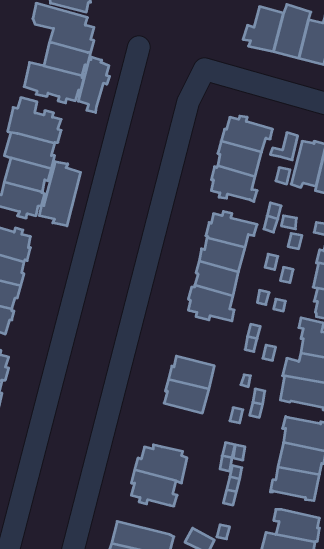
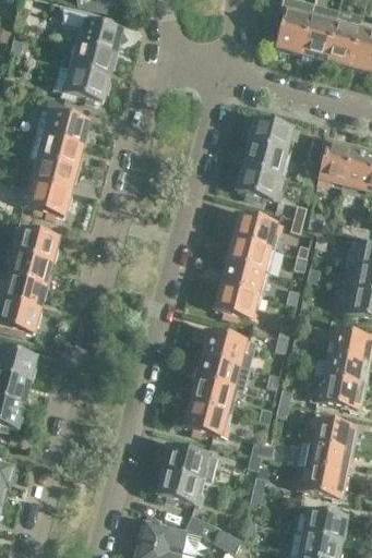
building: [78,57,110,113] -> none
building: [39,161,81,226] -> none
building: none -> [202,328,252,365]
building: none -> [184,402,230,437]

